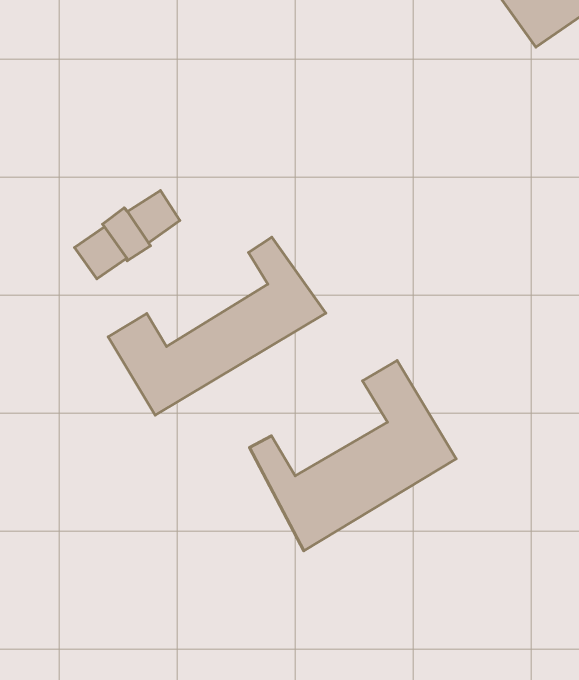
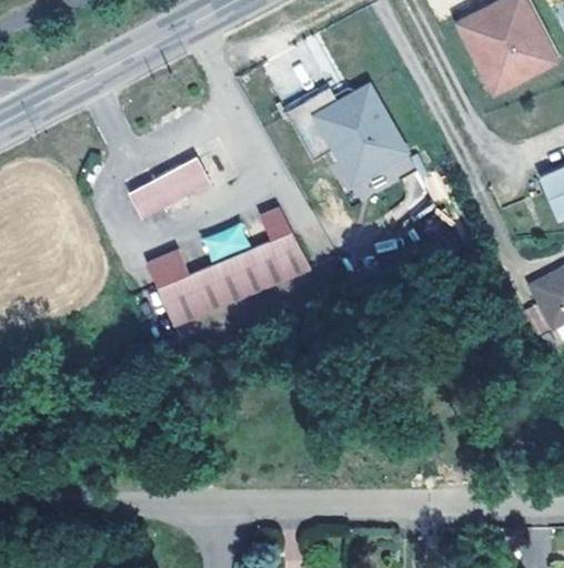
building: none -> [288,84,410,182]
building: [250,360,456,551] -> none

